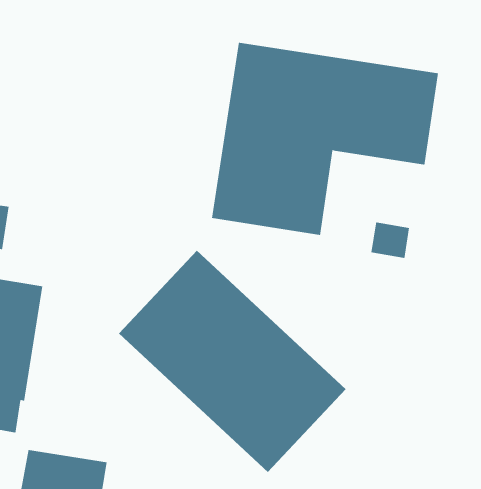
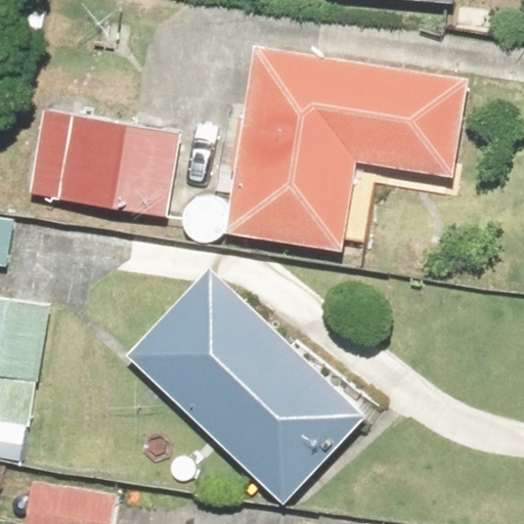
building: none -> [29,113,179,218]

